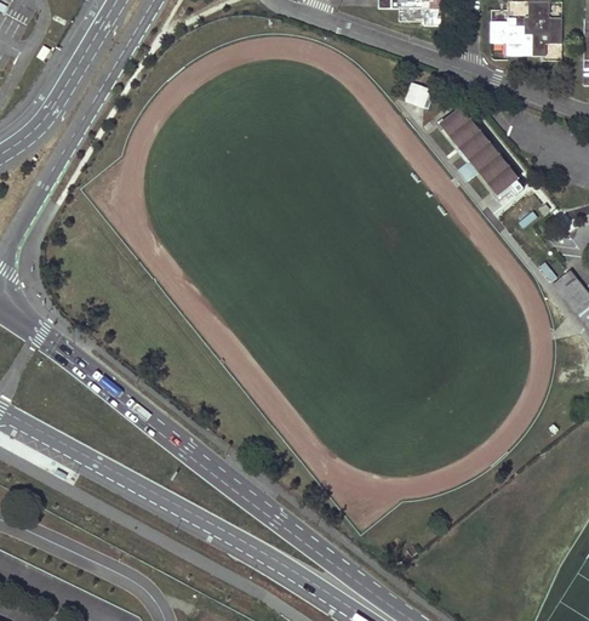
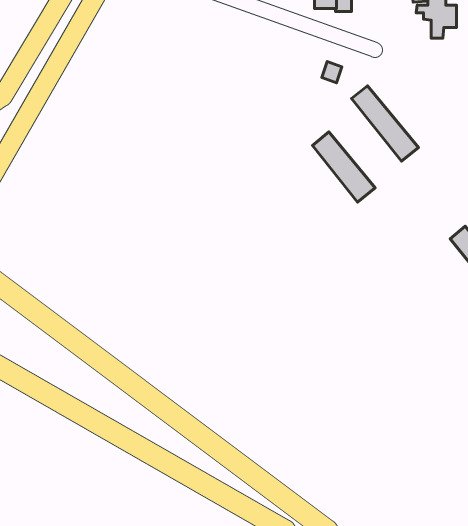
building: [490,16,531,53] -> none
building: none -> [312,132,375,202]

